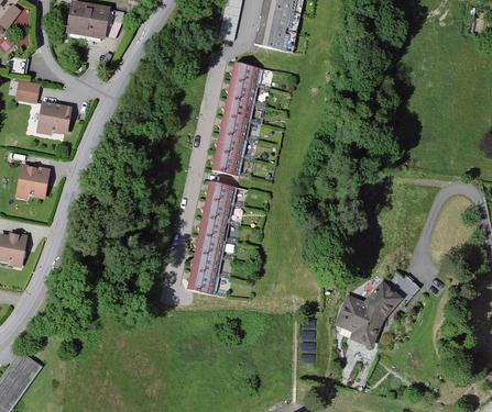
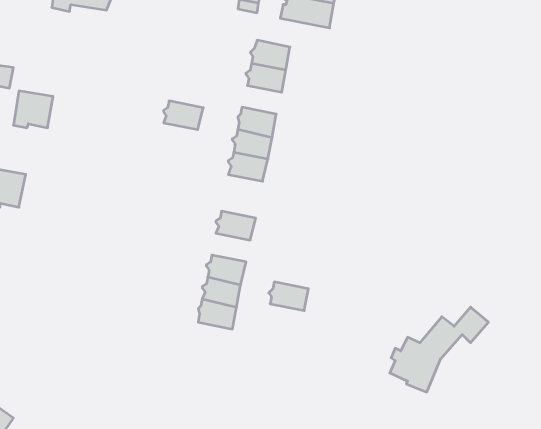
building: [222,98,254,121] -> [164,101,203,130]
building: [205,180,237,204] -> none
building: [197,216,229,240] -> [269,282,308,311]

